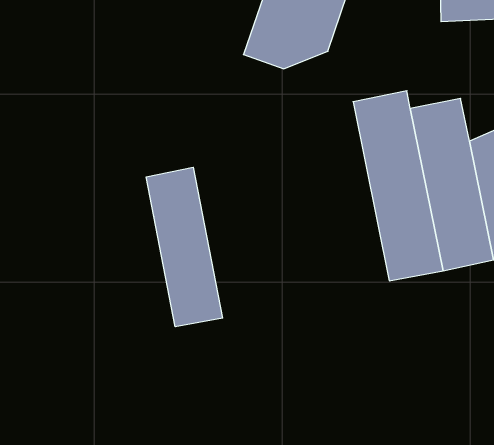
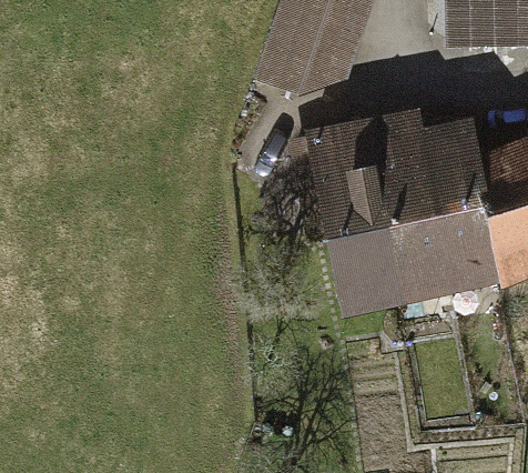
building: none -> [314,122,404,314]
building: [146,167,223,327] -> none

